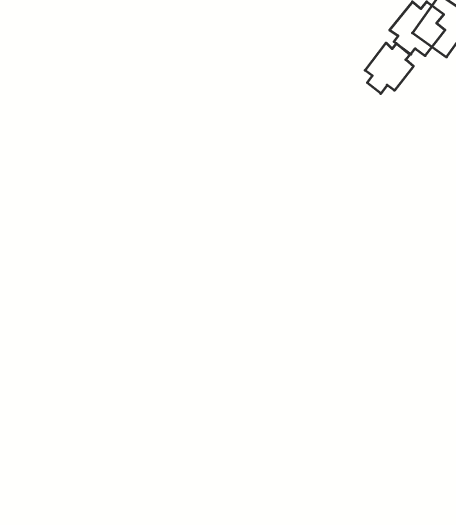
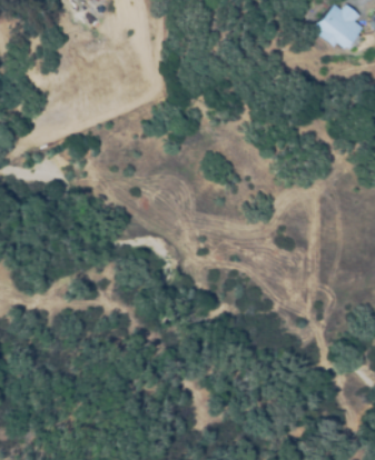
building: [365,43,413,94] -> none

